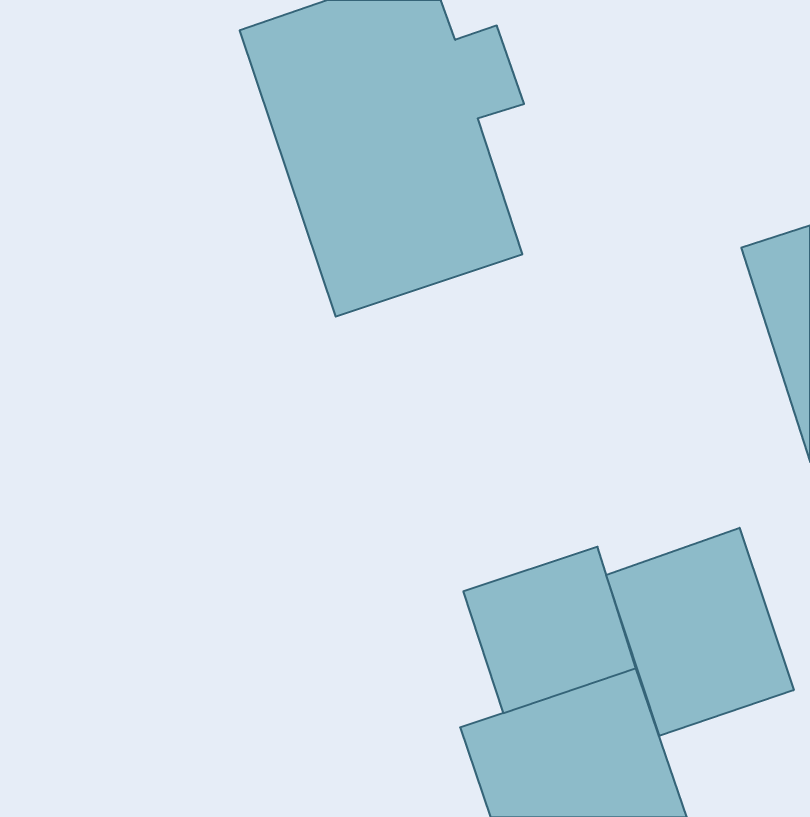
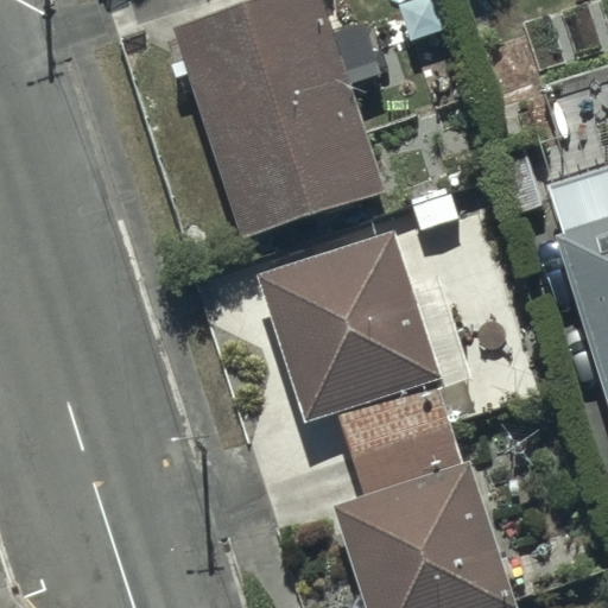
building: none -> [265,262,444,450]
building: [606,528,794,736] -> none

